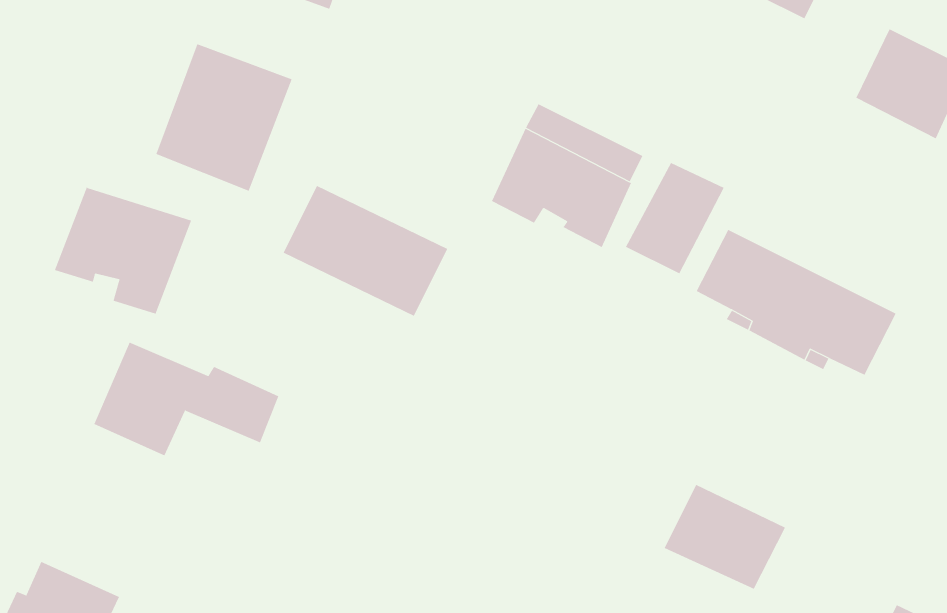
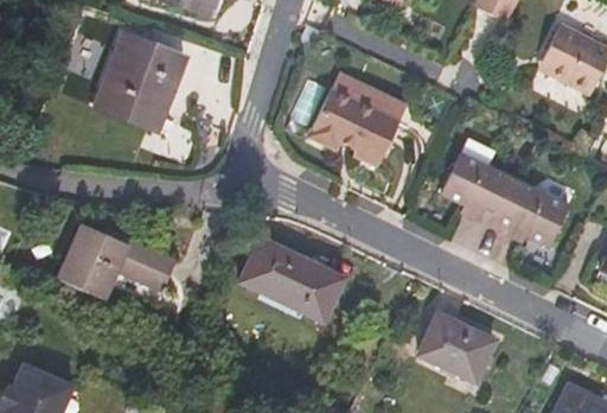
building: [625,162,724,274] -> none
building: [283,185,448,316] -> [241,239,345,322]
building: [54,186,192,314] -> none

